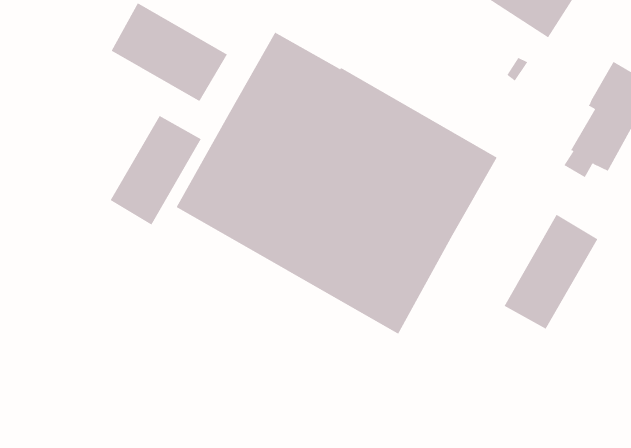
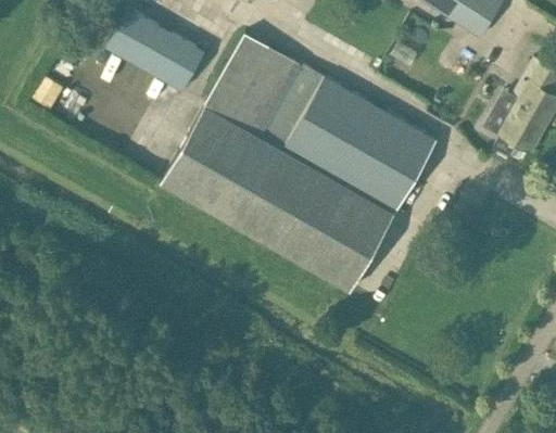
building: [110,115,202,226] -> none
building: [504,214,598,329] -> none

